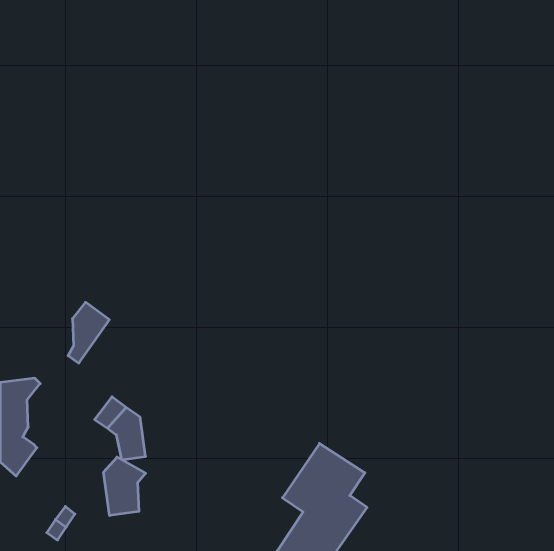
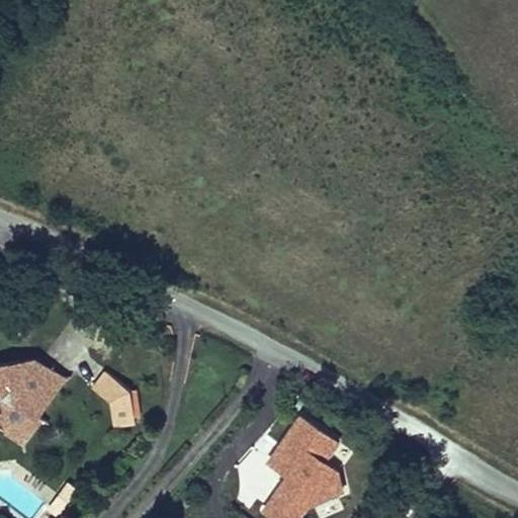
building: [68,302,109,363] -> [22,361,61,418]
building: [104,457,146,516] -> none

